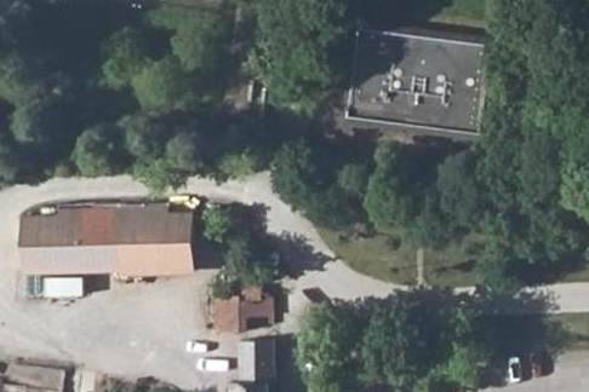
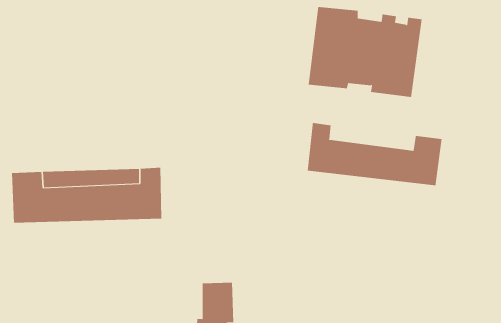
building: none -> [307,122,442,186]
building: [212,282,270,332] -> none

